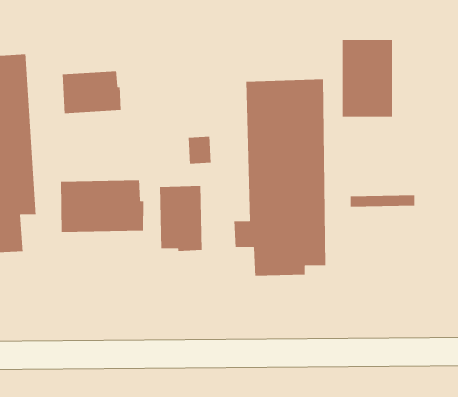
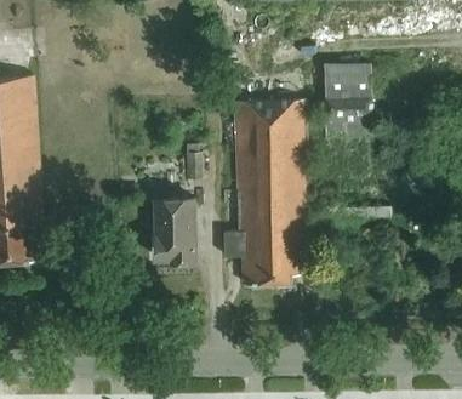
building: [62,70,121,114] -> none
building: [60,180,144,233] -> none

